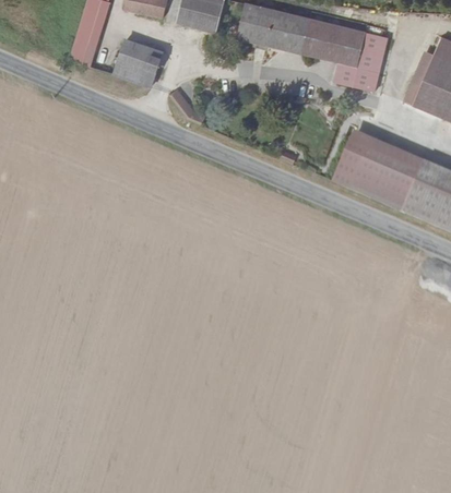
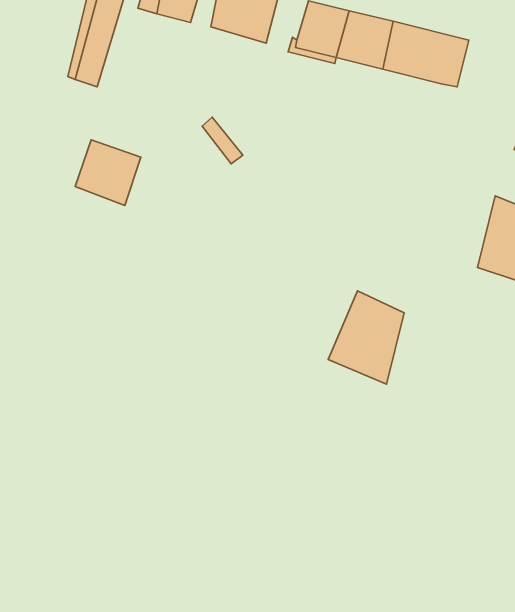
building: [346,31,397,91] -> none
building: [114,36,163,85] -> [75,140,141,205]
building: [333,131,390,201] -> [328,291,404,384]

